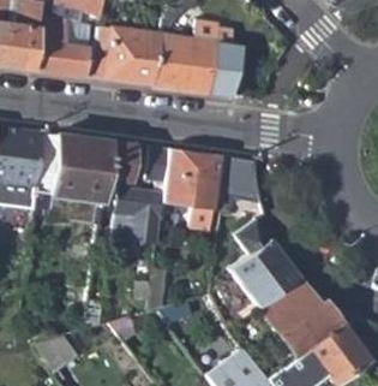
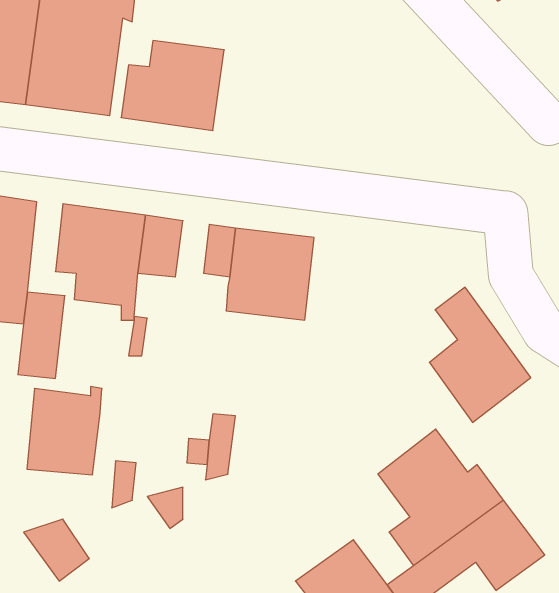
building: [154,34,236,95] -> none
building: [224,155,259,196] -> none
building: [115,184,163,240] -> [27,387,102,475]
building: [232,219,296,305] -> [429,287,531,422]

